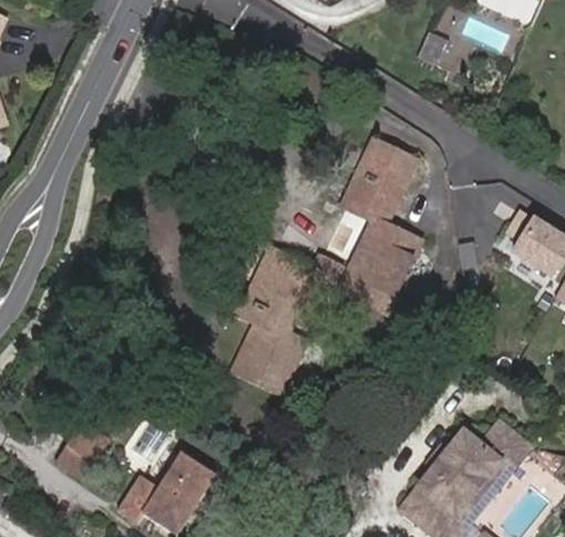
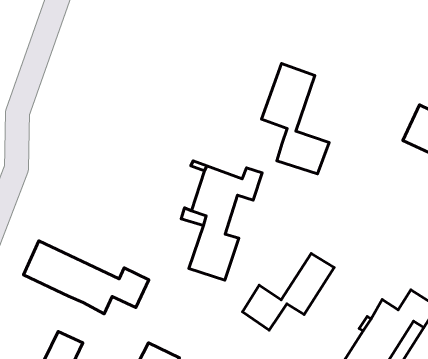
building: [339,255,402,311] -> none
building: none -> [23,241,149,314]
building: none -> [242,253,334,330]

